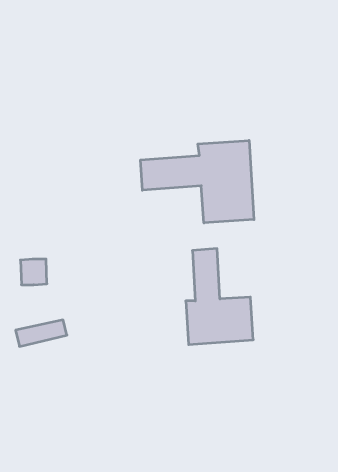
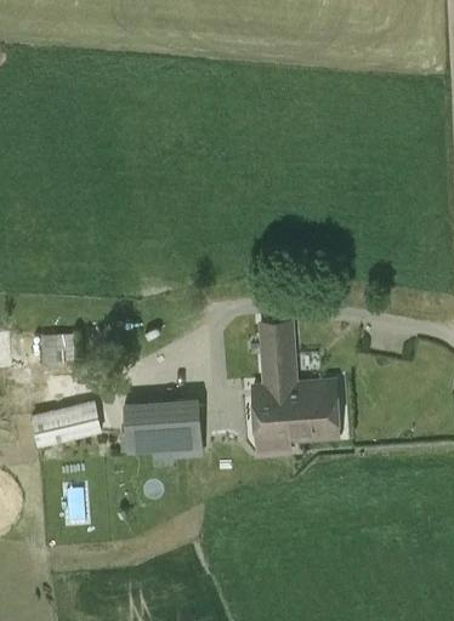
building: [141,140,254,223] -> none
building: none -> [123,397,204,457]

